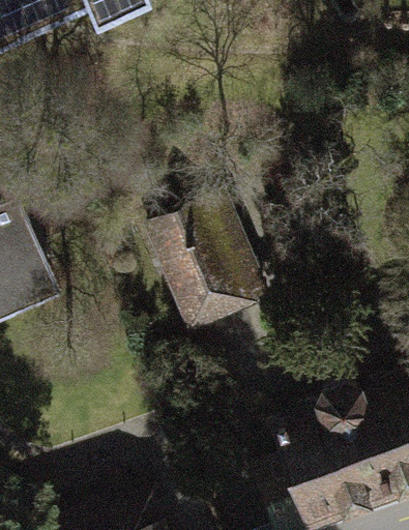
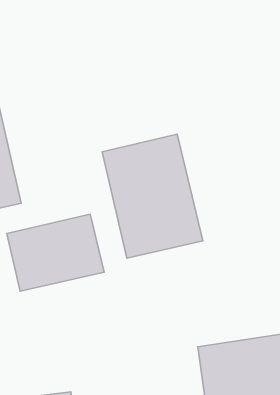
building: none -> [7,214,104,291]

